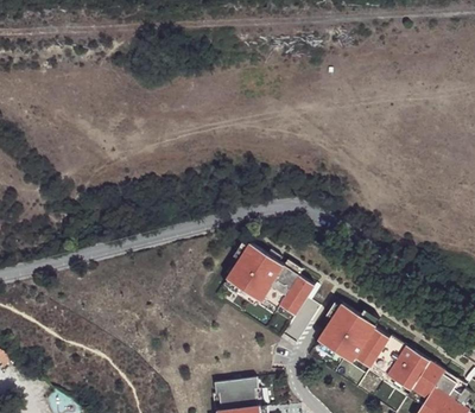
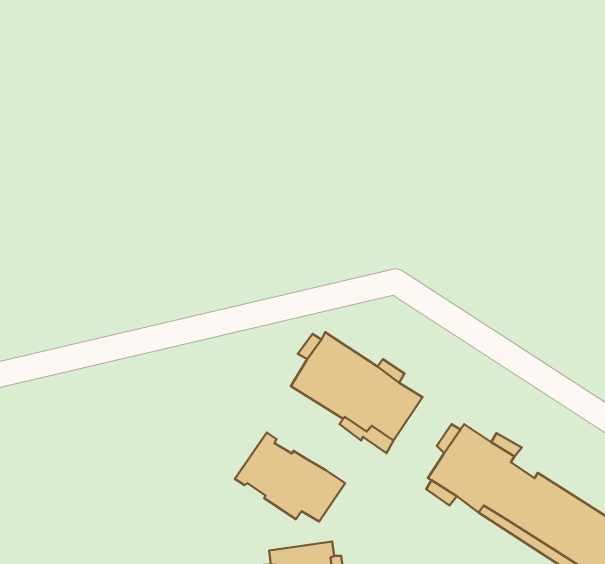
building: none -> [235,433,345,522]

